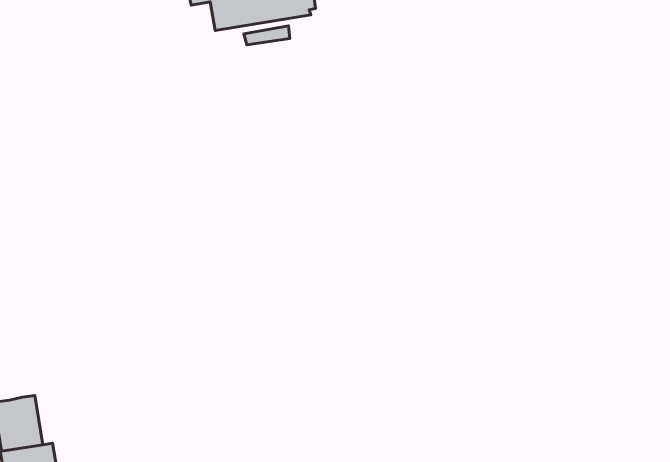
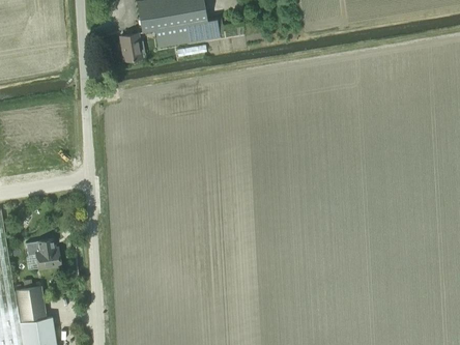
building: none -> [120,33,144,60]
building: none -> [26,238,61,268]

